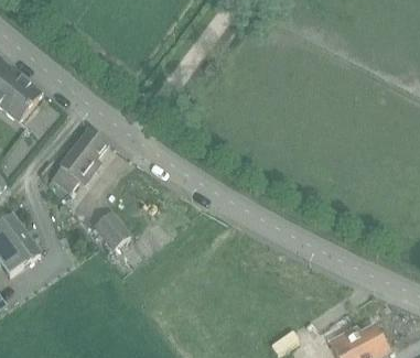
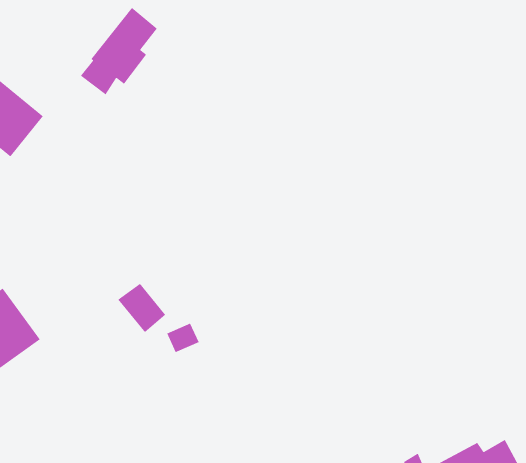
building: [52,128,108,192] -> [80,7,158,96]

